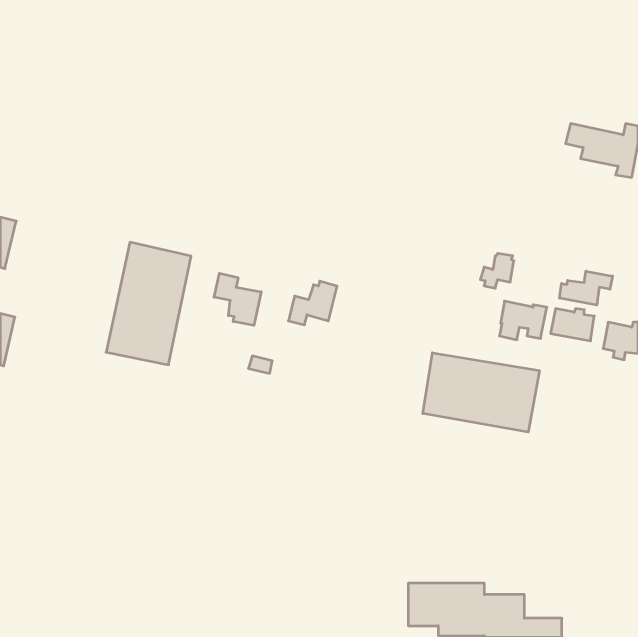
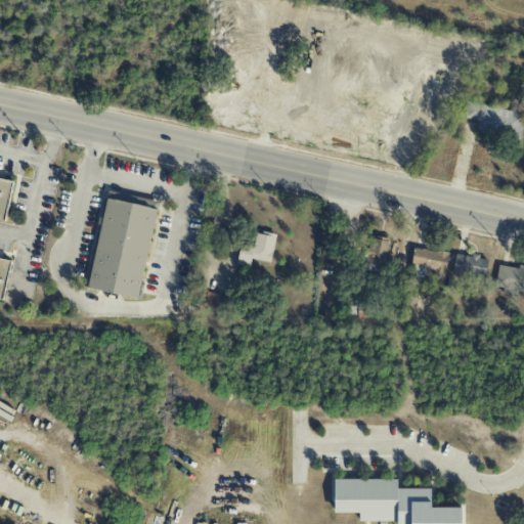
building: [480,253,514,288] -> [361,235,389,264]
building: [559,271,613,305] -> none
building: [214,273,261,325] -> none
building: [423,353,539,432] -> none

